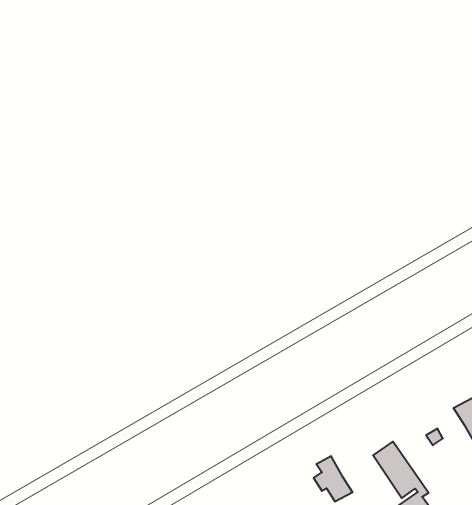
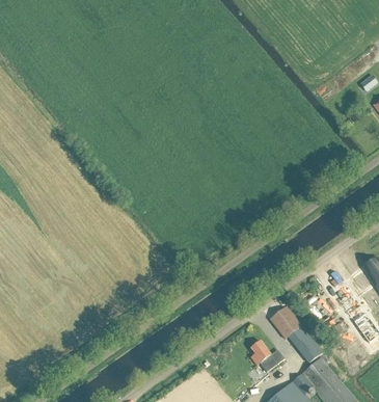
building: none -> [269,305,299,338]

